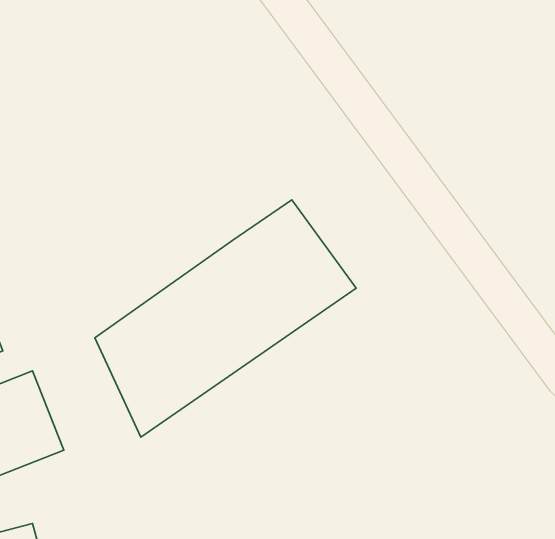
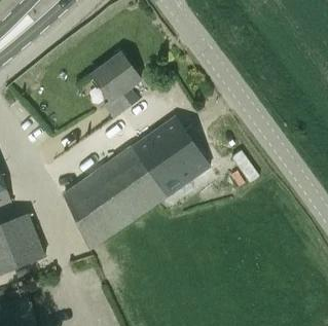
building: none -> [89,52,140,119]

